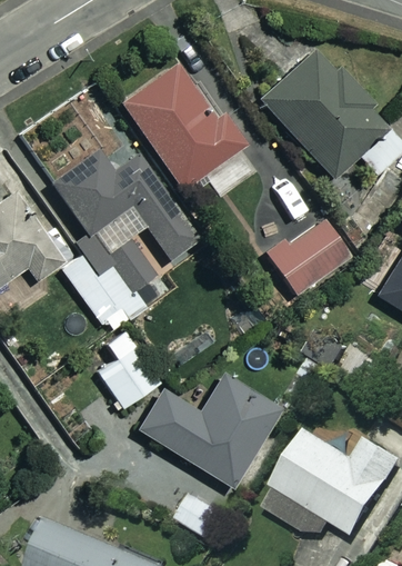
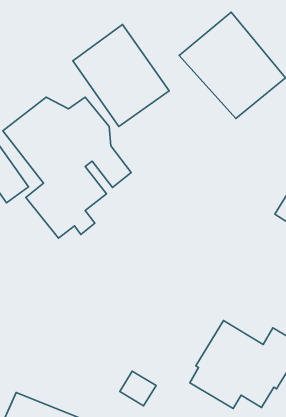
building: [265,218,352,294] -> none
building: [97,329,161,408] -> none
building: [135,376,277,487] -> none

